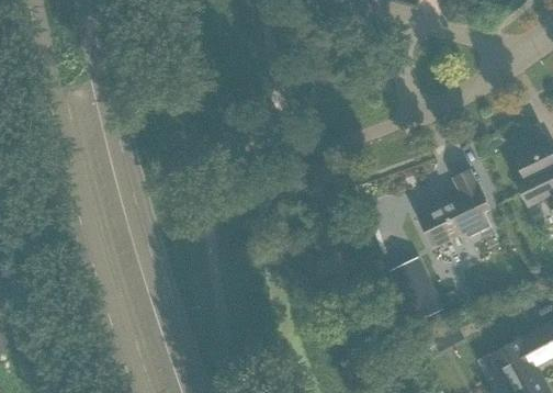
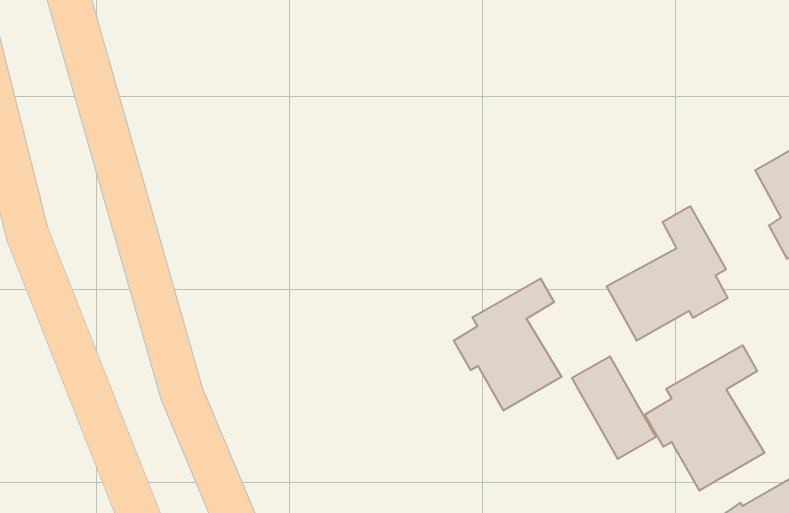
building: none -> [454,278,562,411]
building: none -> [645,345,764,491]

